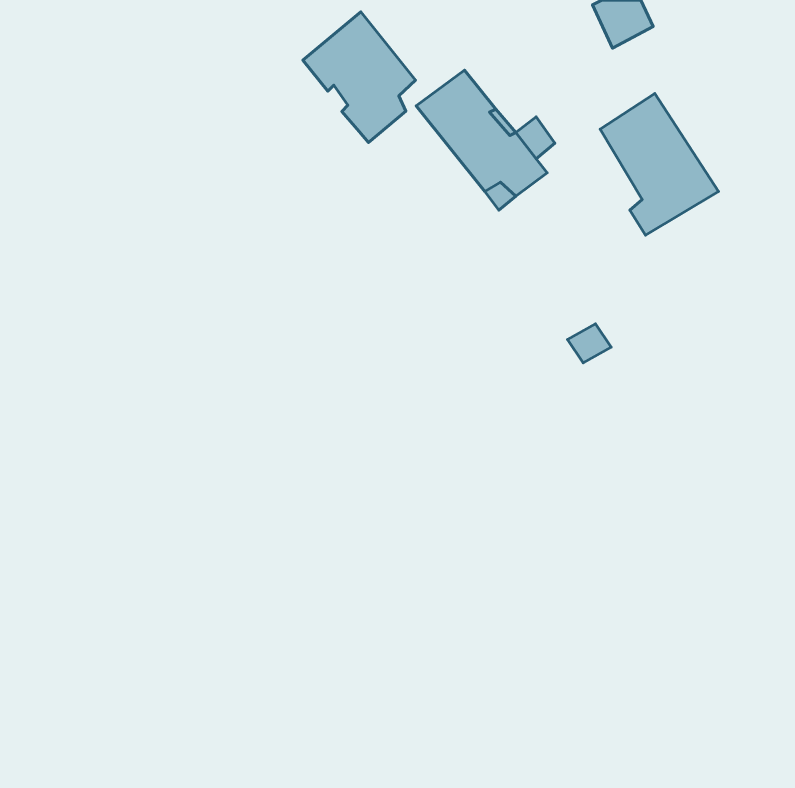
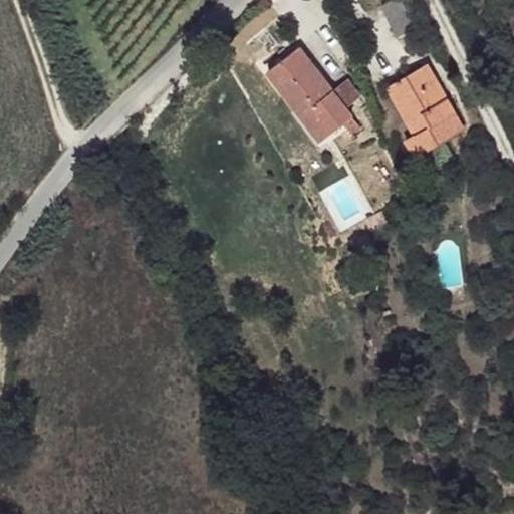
building: [303,12,415,143] -> none

